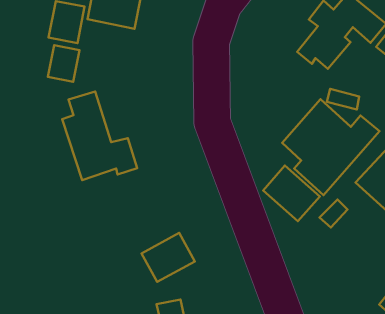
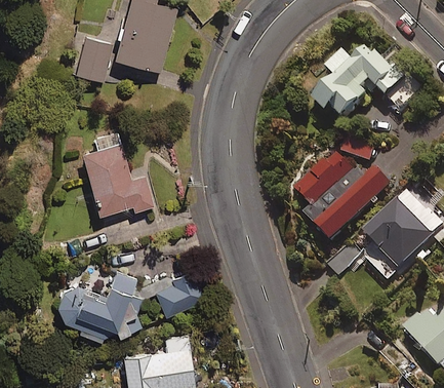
building: [48,45,79,82] -> none
building: [263,166,320,221] -> none
building: none -> [56,271,149,339]

